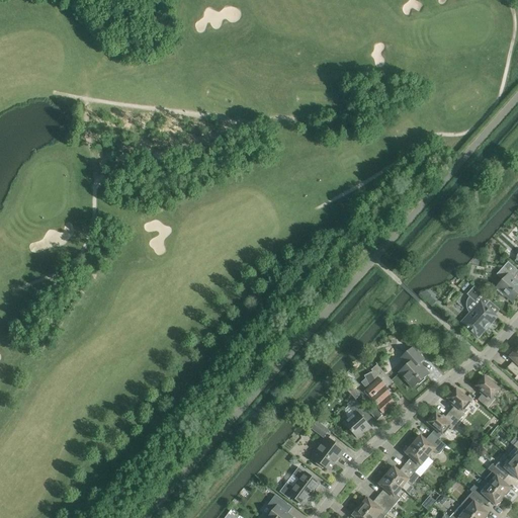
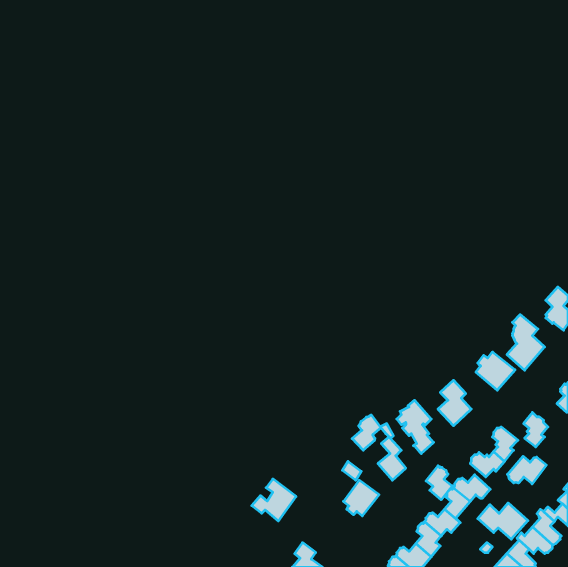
building: none -> [476,352,515,390]
building: none -> [352,415,381,450]
building: none -> [507,456,546,484]
building: none -> [426,466,452,500]
building: none -> [478,503,528,539]
building: [279,466,320,505] -> [252,479,296,521]

